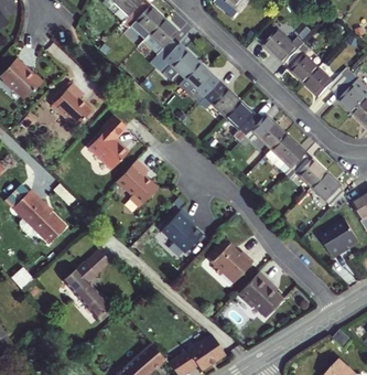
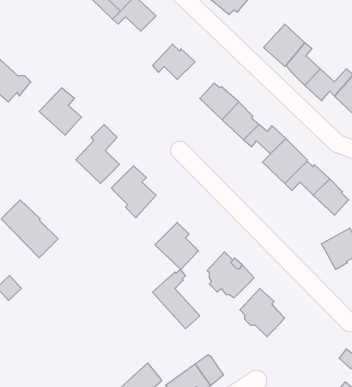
building: [147,19,176,65] -> none
building: [181,62,215,96] -> none
building: [69,264,114,319] -> [153,270,200,329]

